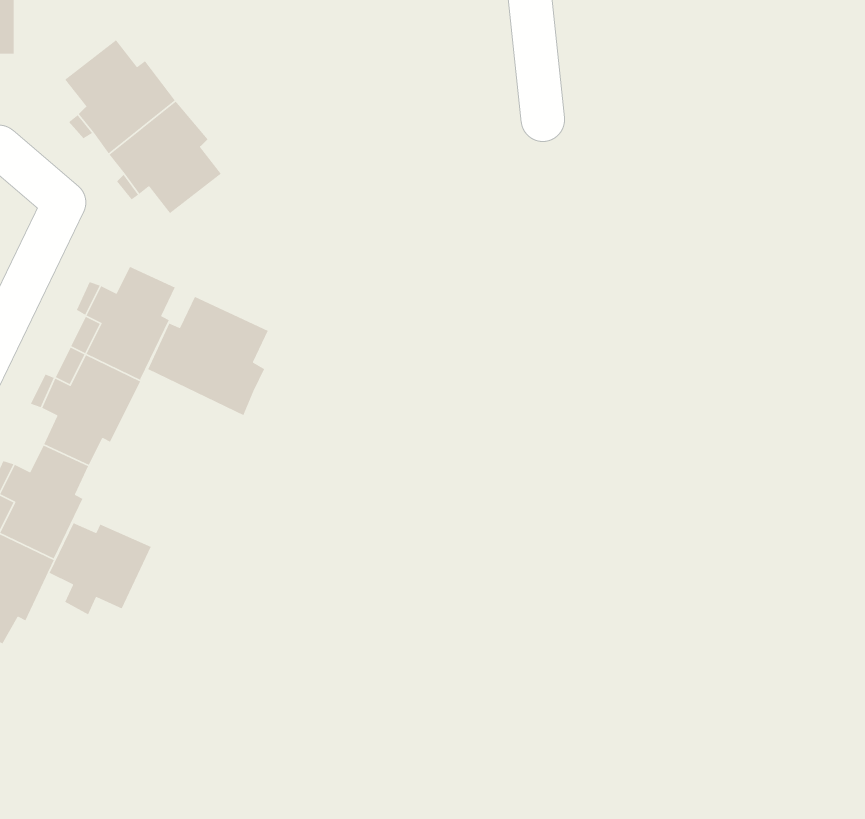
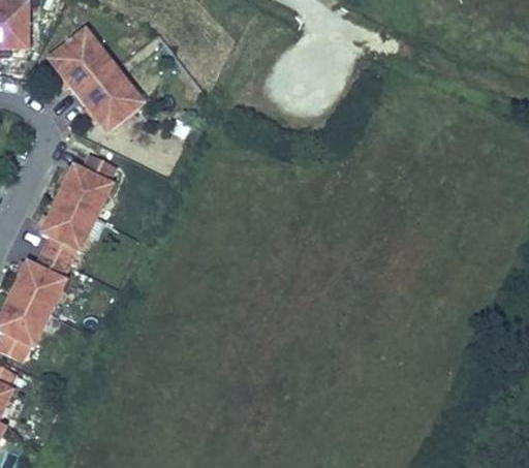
building: [147,296,269,416] -> none
building: [48,522,152,615] -> none

